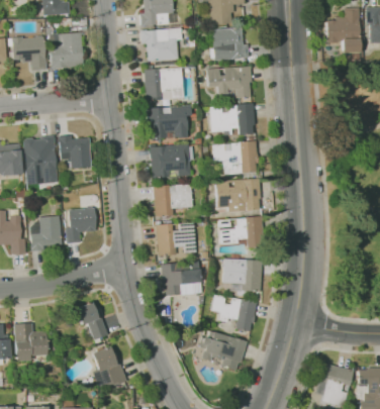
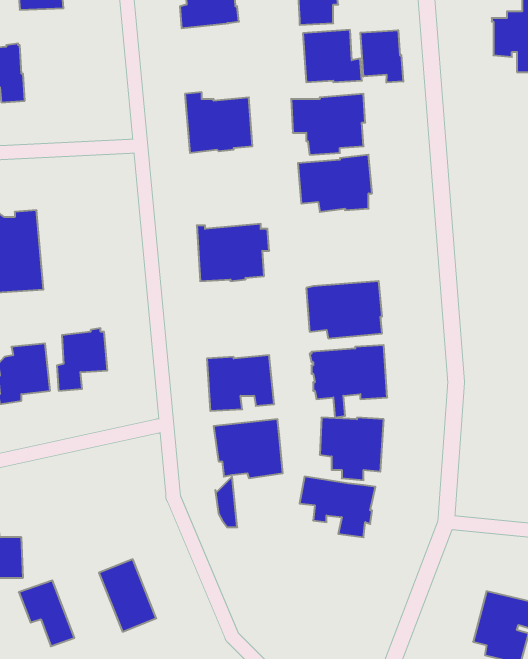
building: [45,27,83,68] -> none
building: [140,27,182,62] -> none
building: none -> [360,30,403,83]
building: [144,99,191,139] -> none
building: [59,135,92,169] -> none
building: [213,137,258,179] -> none
building: [153,184,191,217] -> none
building: [73,300,106,339] -> [19,580,74,646]
building: [199,330,247,371] -> none

